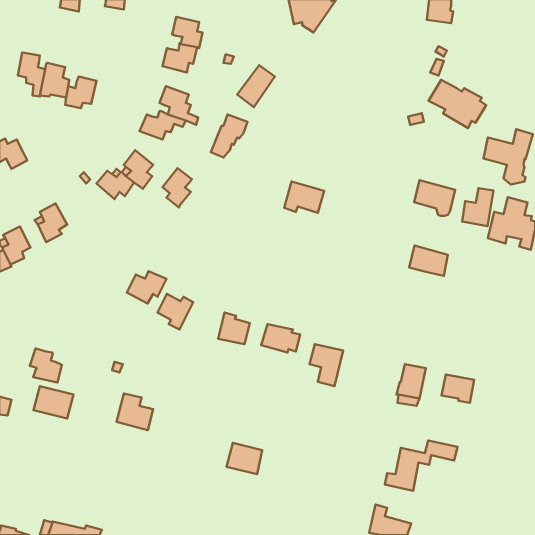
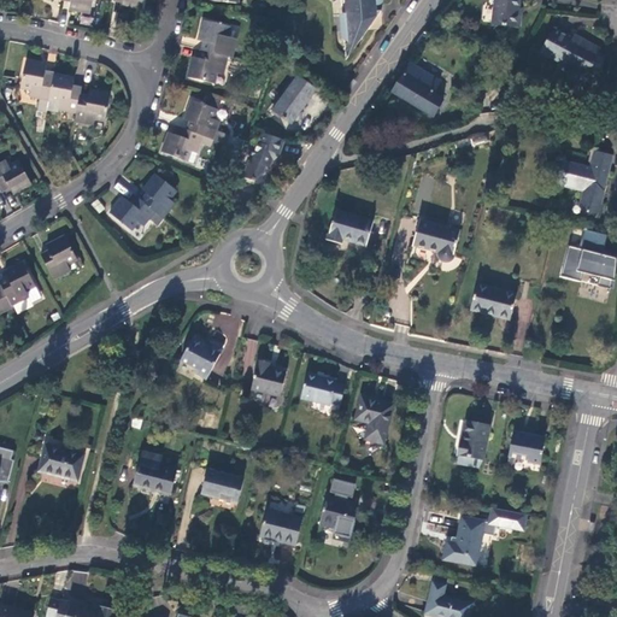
building: none -> [392,61,441,114]
building: [428,80,486,128] -> [539,27,605,82]
building: [162,168,192,207] -> none
building: [414,180,455,216] -> [412,218,459,259]
building: [462,188,494,226] -> none
building: [127,271,166,304] -> none
building: [30,348,62,383] -> none
building: none -> [201,468,243,500]
building: none -> [318,478,357,541]

